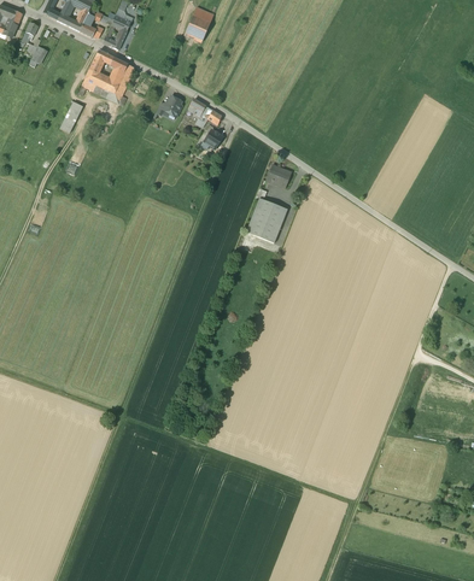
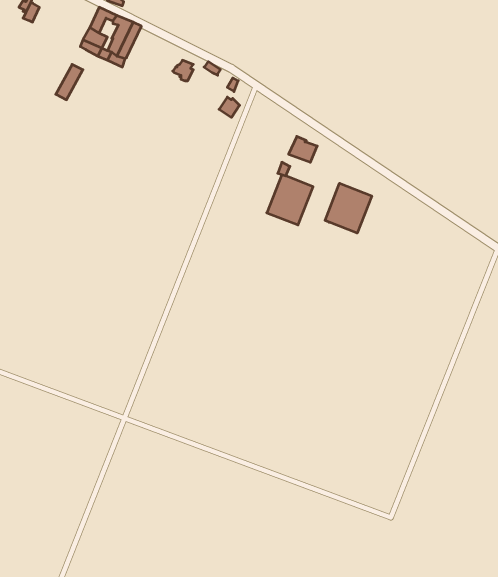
building: none -> [325,183,372,233]

